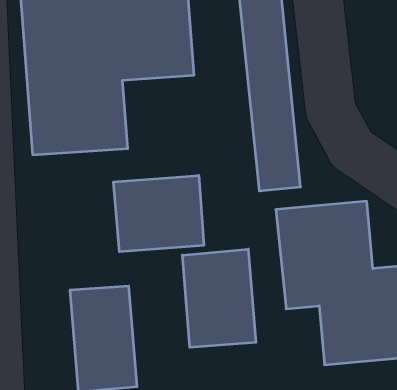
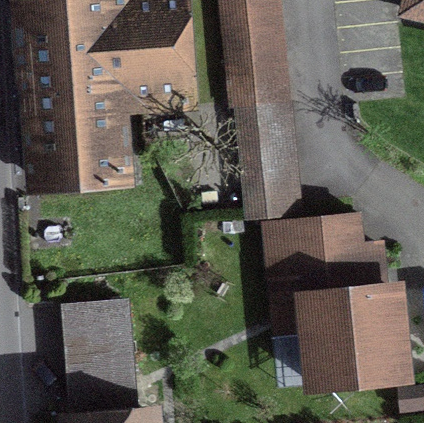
building: [114,175,204,252] -> none
building: [182,249,256,347] -> none

